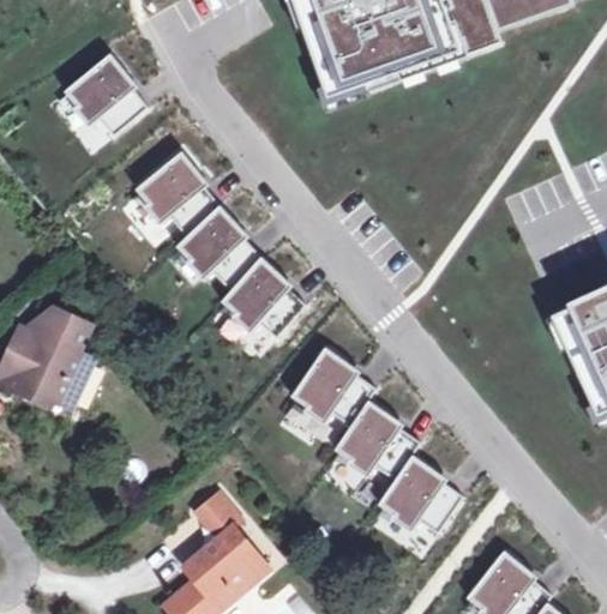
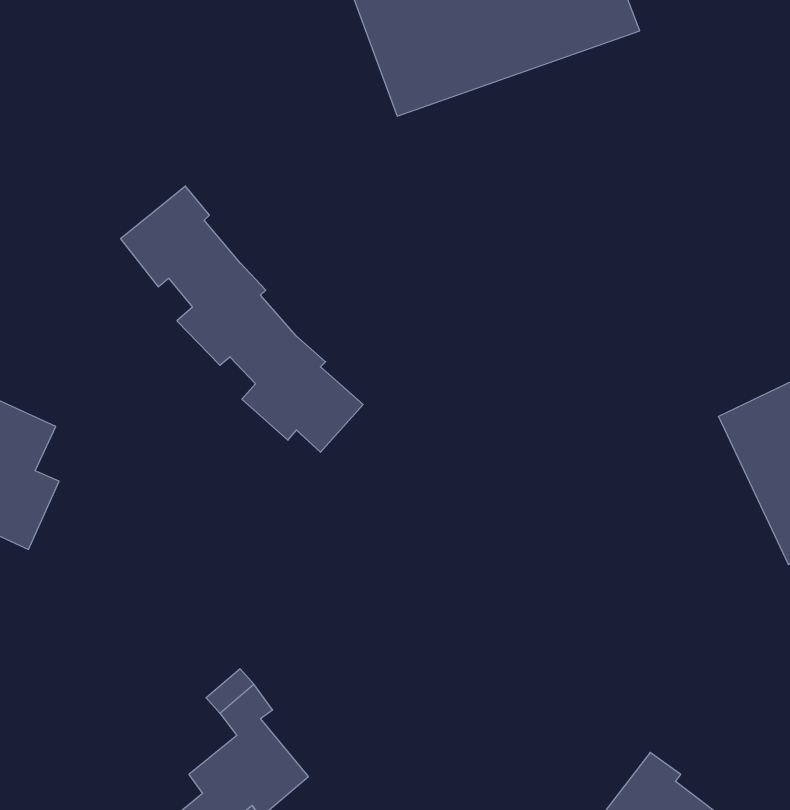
building: [62,54,146,137] -> none
building: [290,347,462,534] -> none

